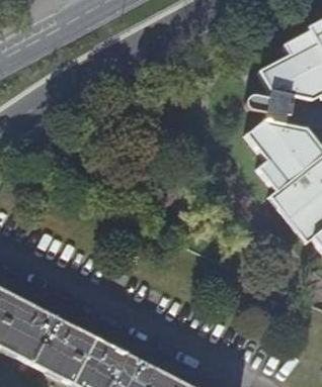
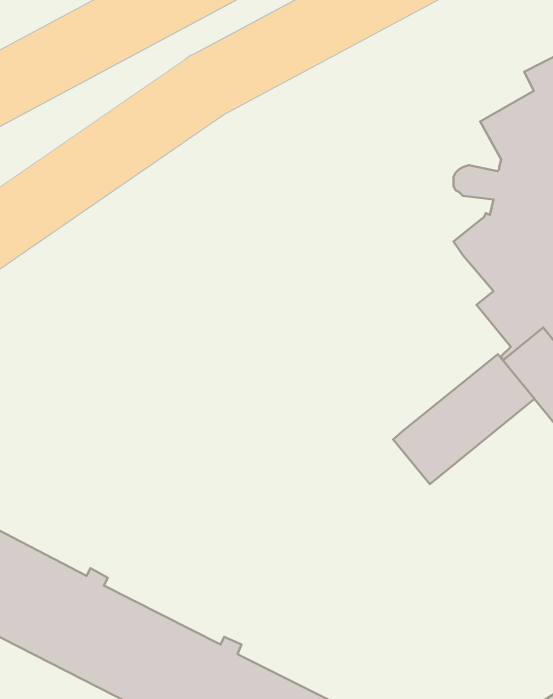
building: none -> [393,354,534,484]

